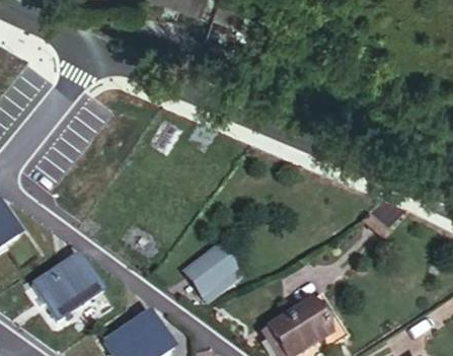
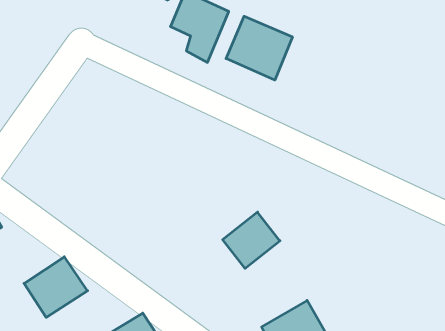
building: none -> [226,16,292,80]
building: [187,239,242,293] -> [223,212,280,268]

